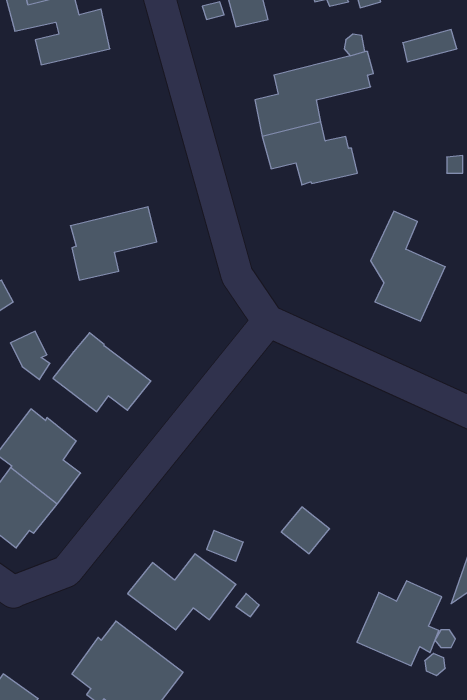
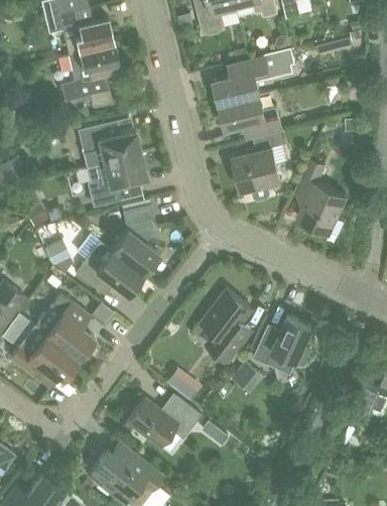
building: none -> [61,45,121,108]
building: none -> [78,120,141,167]
building: none -> [232,131,288,202]
building: none -> [111,204,159,274]
building: none -> [202,290,255,364]
building: [357,581,442,666] -> [254,315,312,374]

